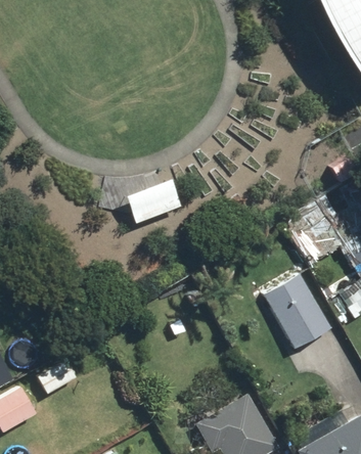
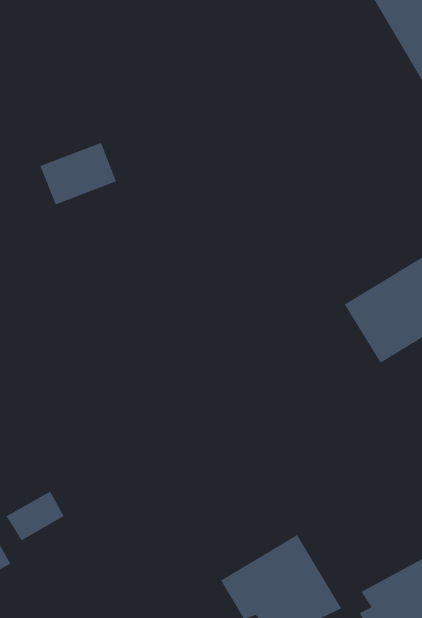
building: [128,178,184,224] -> [40,142,117,205]
building: [265,269,339,350] -> none

